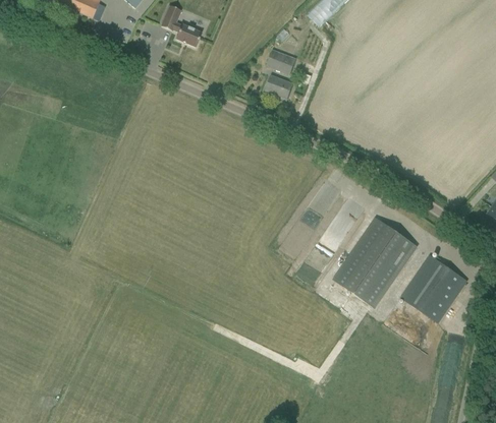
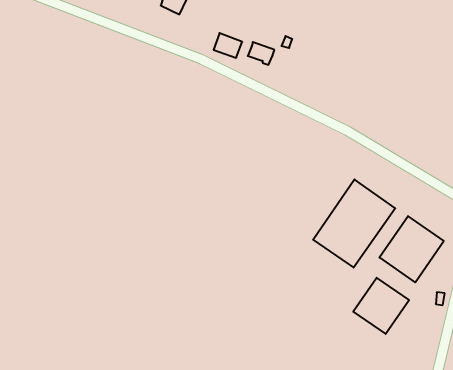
building: [266,48,295,73] -> [214,33,242,58]
building: none -> [353,278,409,334]

